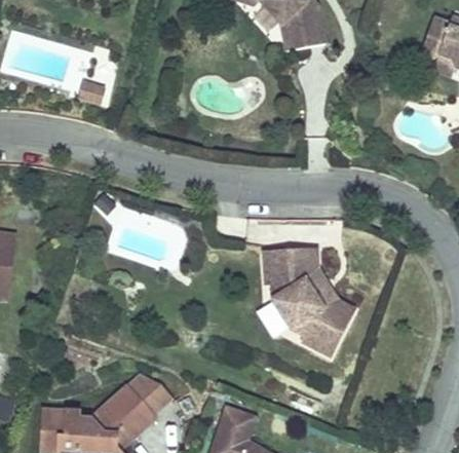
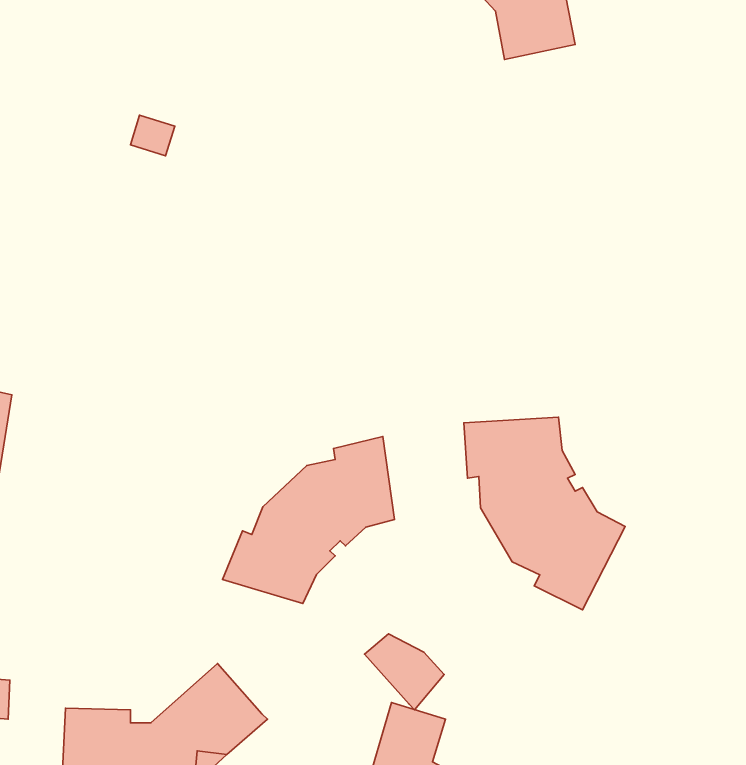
building: none -> [222,437,395,604]
building: [128,374,173,416] -> [365,634,444,710]

